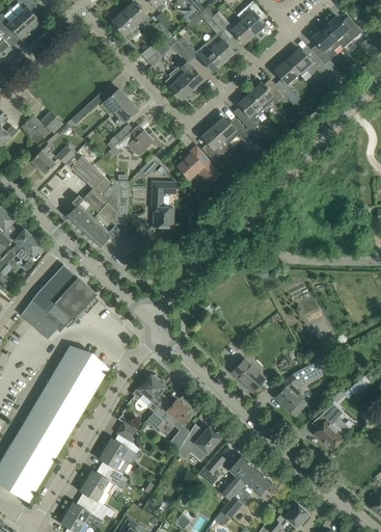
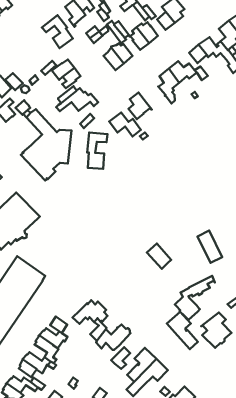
building: none -> [42,15,73,48]
building: [212,117,255,147] -> none
building: [230,360,263,392] -> [147,244,171,269]
building: [131,373,167,413] -> none
building: none -> [167,312,198,349]

